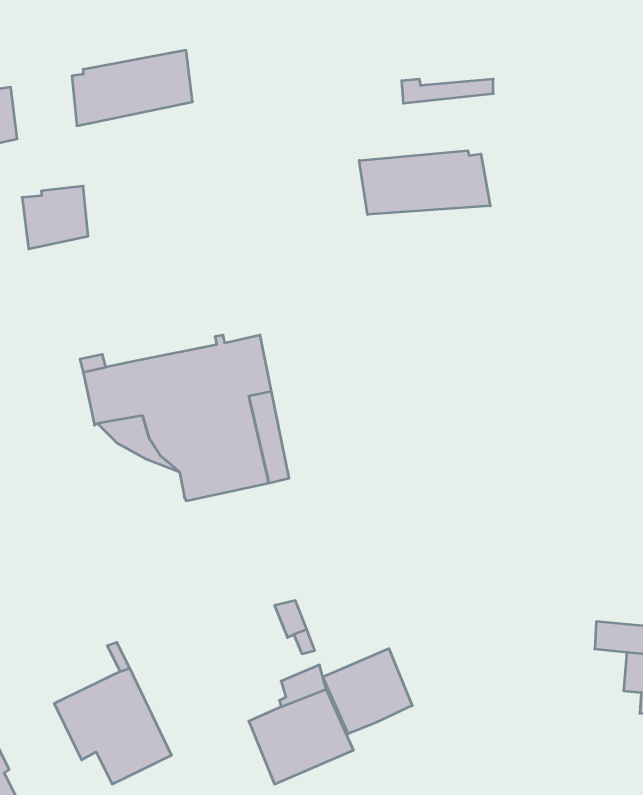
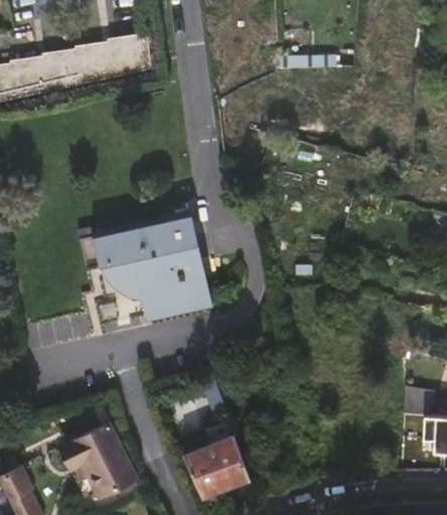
building: [359,151,490,215] -> none
building: [22,186,88,249] -> [35,53,77,93]
building: [323,649,412,734] -> none

